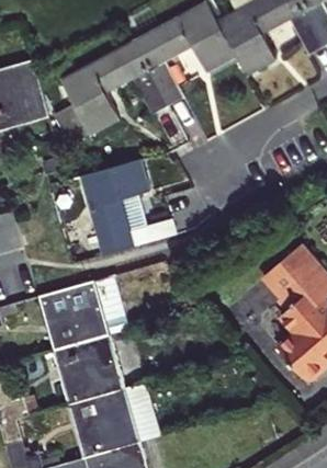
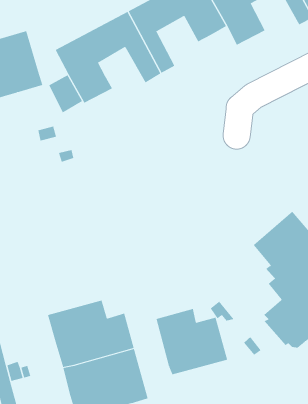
building: [81,158,174,254] -> none
building: [38,277,127,351] -> none
building: none -> [156,308,228,375]

